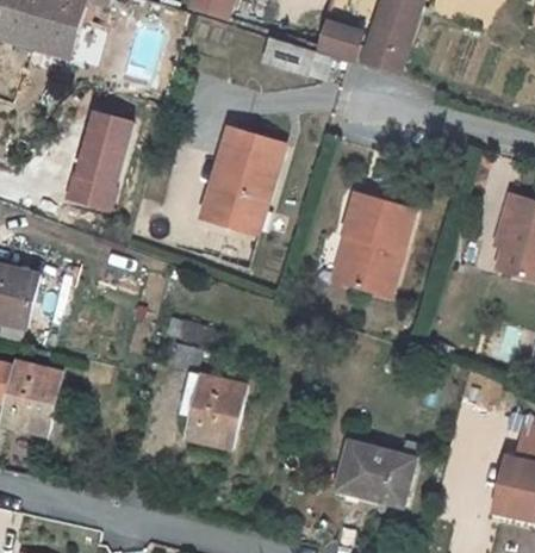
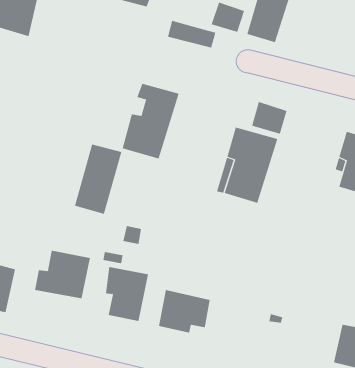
building: [82,108,148,205] -> [74,144,122,215]
building: none -> [252,101,287,134]
building: none -> [35,250,91,299]
building: [337,443,409,503] -> [158,290,211,333]

